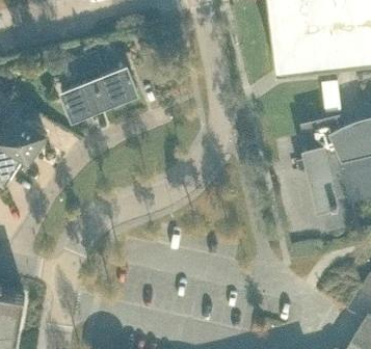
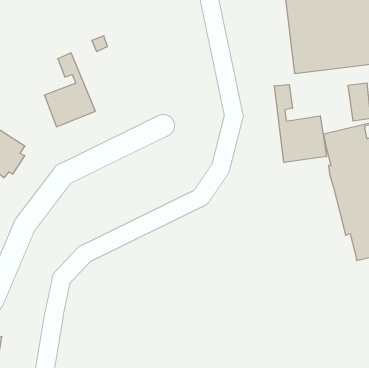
building: [83,52,136,106] -> none
building: none -> [274,85,326,162]

